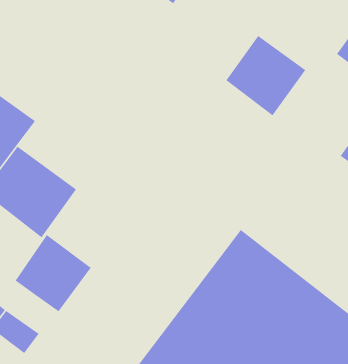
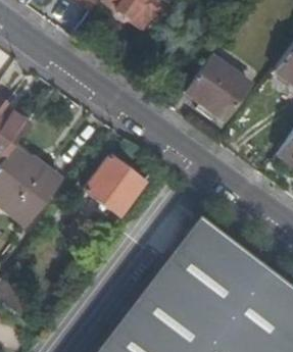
building: none -> [86,156,146,216]
building: [15,234,91,312] -> none

